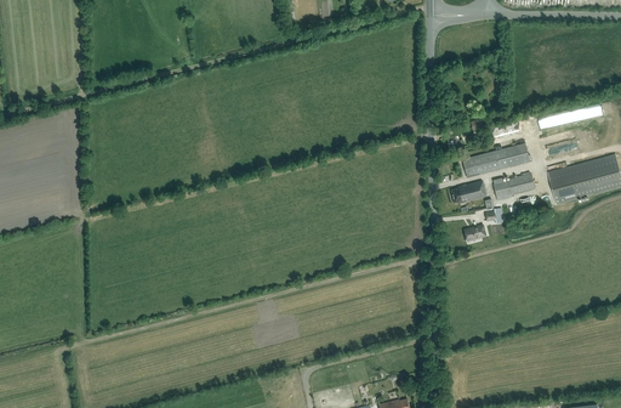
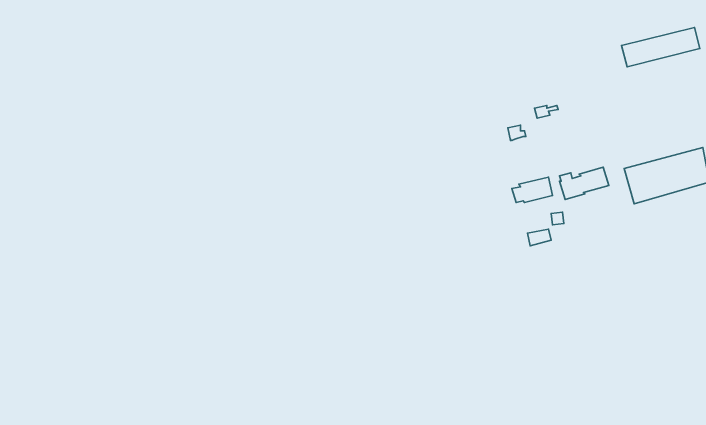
building: [462,143,530,177] -> [621,27,700,67]

